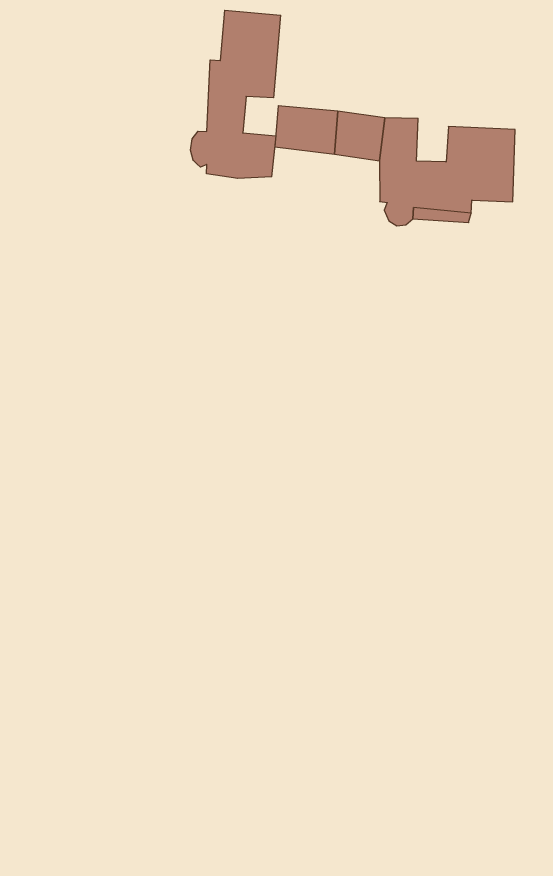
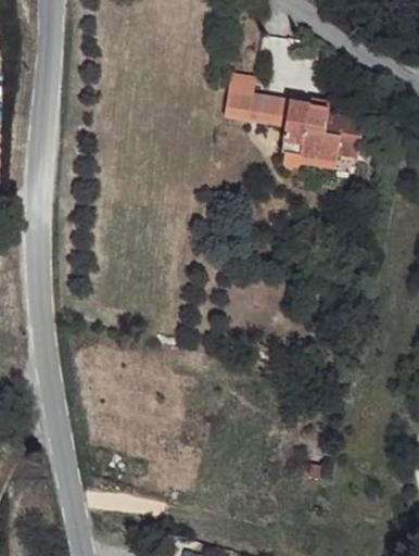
building: [190,10,281,178] -> none

